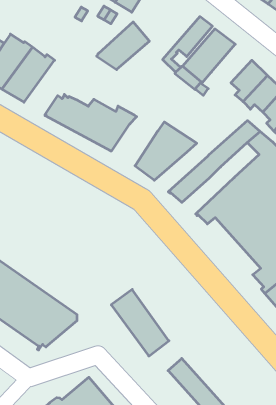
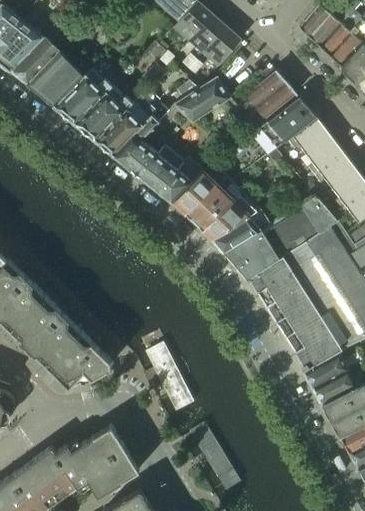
building: none -> [225,72,285,120]
building: none -> [287,117,330,155]
building: none -> [93,101,168,155]
building: none -> [173,173,223,222]
building: none -> [235,218,321,281]
building: none -> [211,210,269,254]

